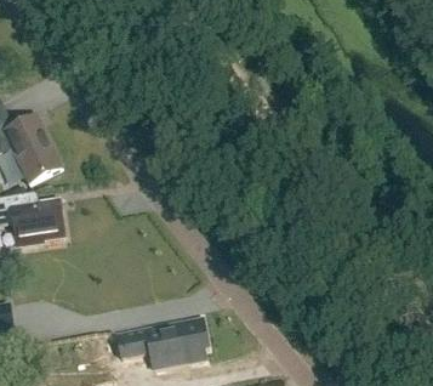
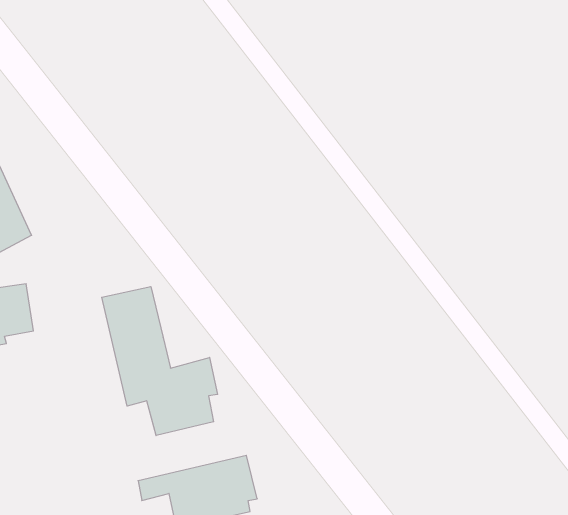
building: none -> [102,287,218,436]

